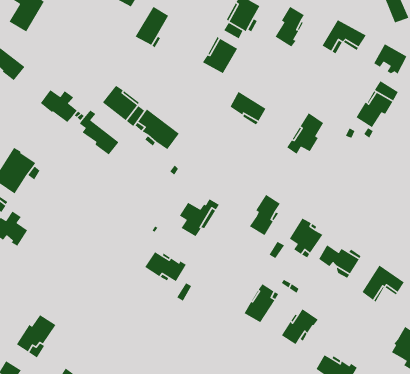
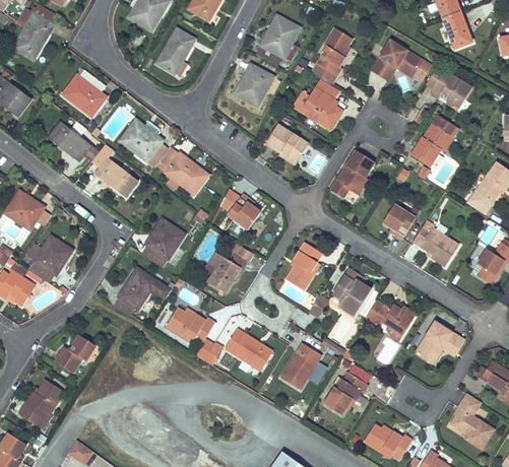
building: none -> [62,69,106,116]
building: none -> [304,79,342,129]
building: none -> [226,193,259,227]
building: none -> [380,203,419,239]
building: none -> [143,217,184,266]
building: none -> [411,224,457,267]
building: none -> [25,234,72,281]
building: none -> [117,266,171,308]
building: none -> [225,329,272,372]
building: none -> [55,334,96,372]

